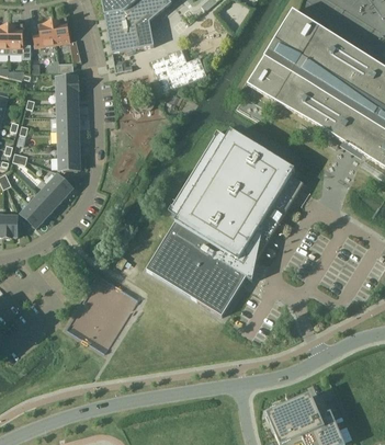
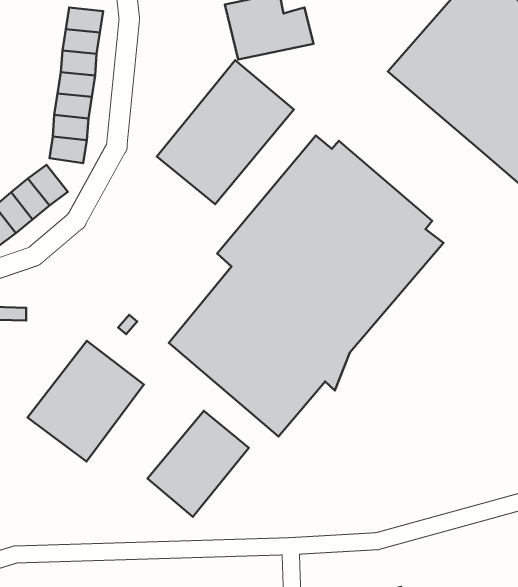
building: none -> [157,60,294,204]
building: none -> [148,411,249,517]

